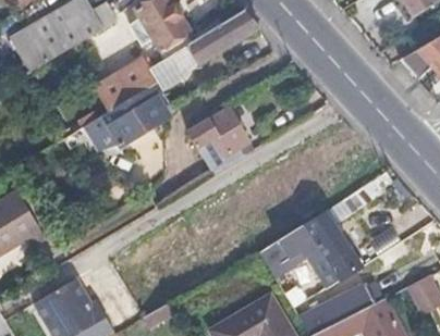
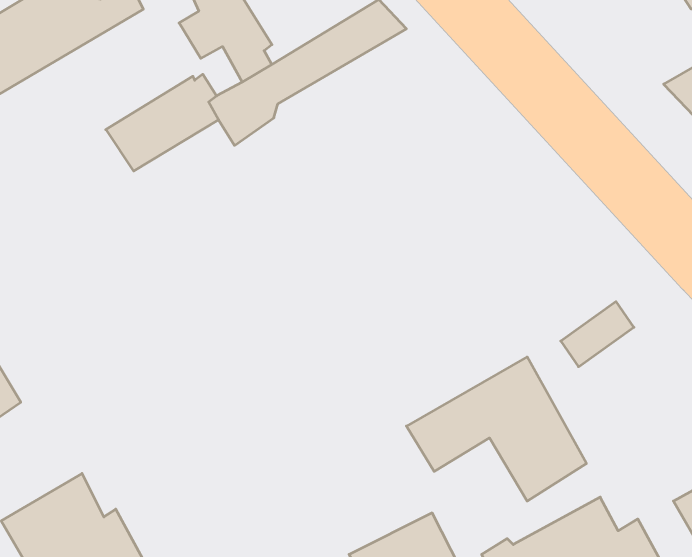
building: [87,79,174,147] -> none
building: [186,110,250,173] -> none

